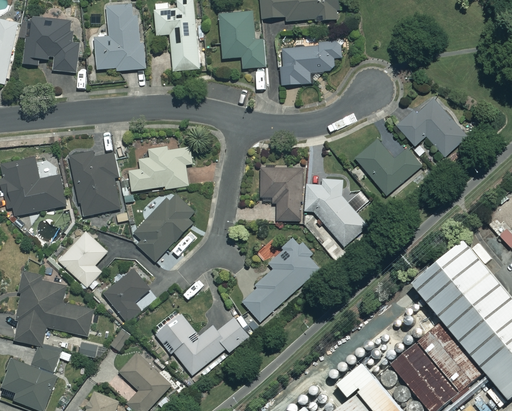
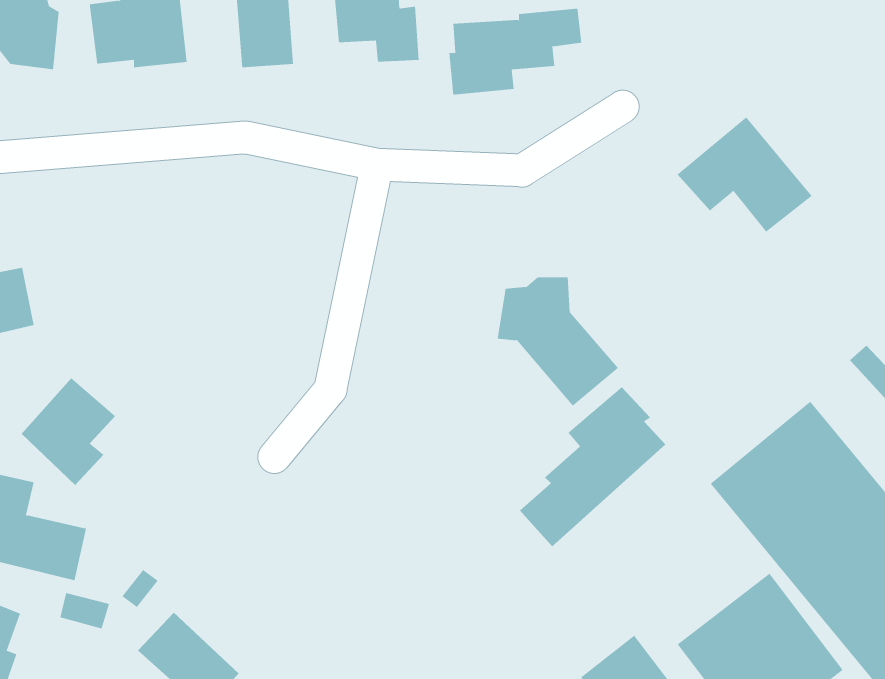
building: [355,138,420,195] -> none
building: [128,147,192,191] -> none
building: [68,150,121,216] -> none
building: [260,167,304,221] -> none
building: [133,191,194,262] -> none
building: [242,238,318,321] -> [519,387,666,547]
building: [103,268,150,322] -> none
building: [154,309,249,375] -> none

